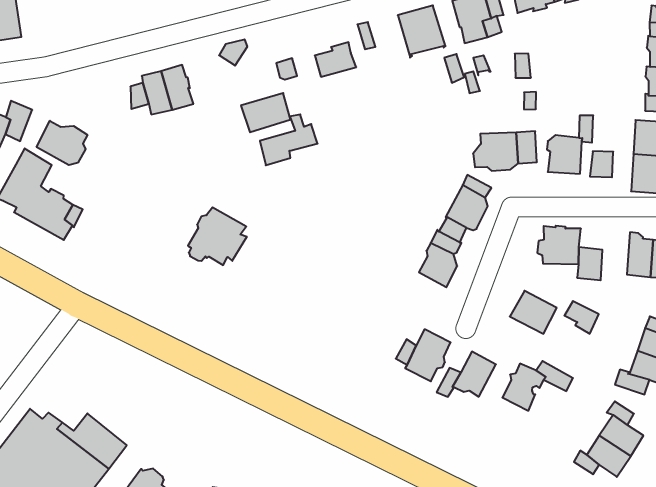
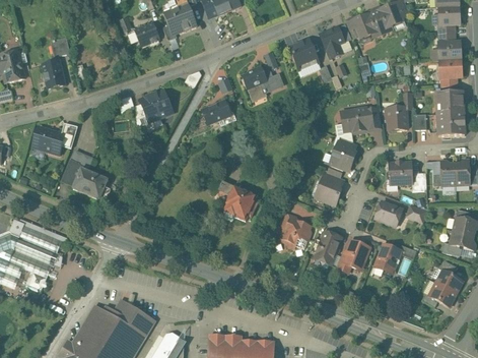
building: [260,114,318,165] -> [247,69,281,102]
building: [37,121,87,165] -> none
building: [188,207,247,265] -> [223,186,258,220]
building: none -> [281,213,311,249]

